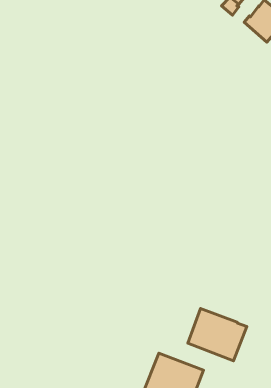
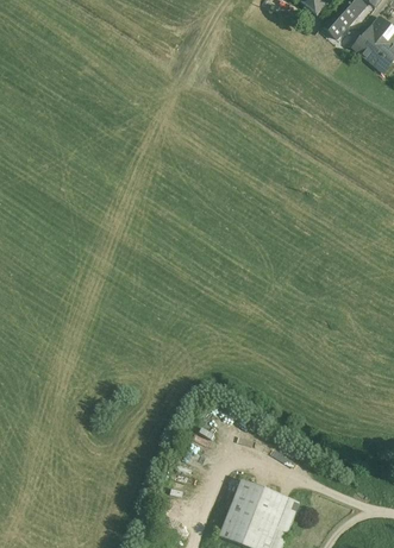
building: [188,308,247,361] -> none

